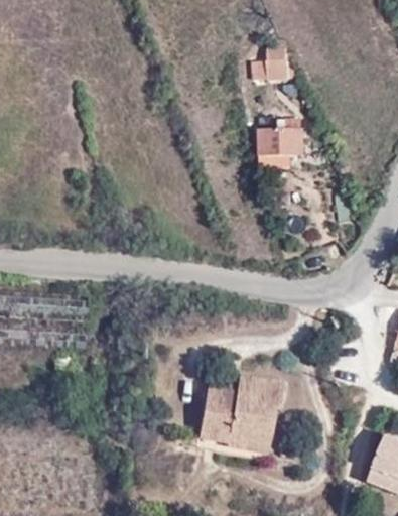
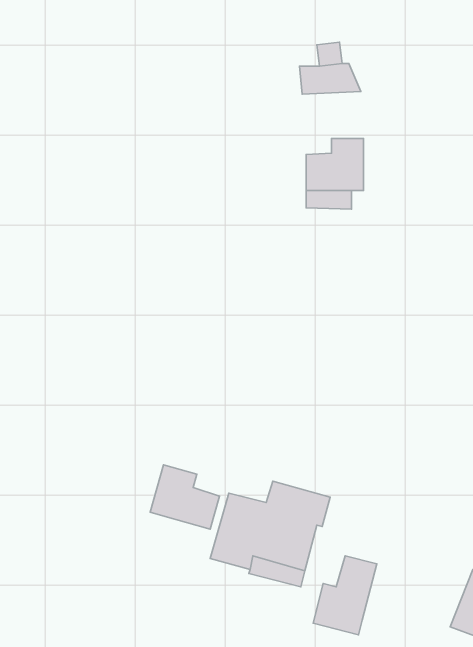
building: none -> [150,465,219,529]
building: none -> [313,556,377,635]

